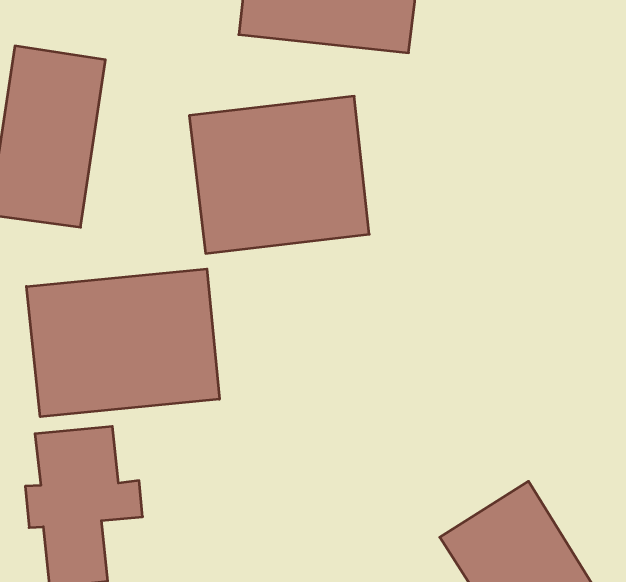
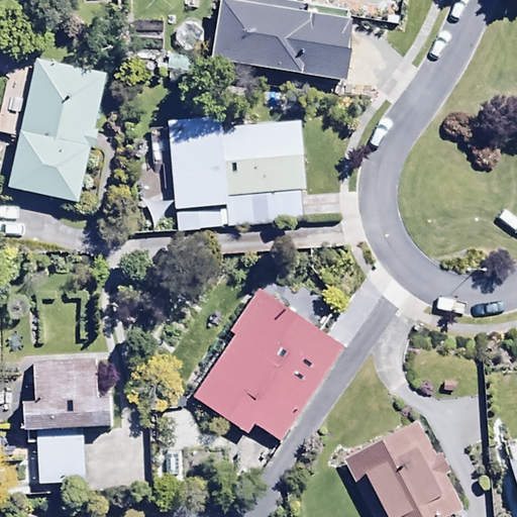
building: [26,269,219,417] -> none
building: none -> [194,289,342,439]

